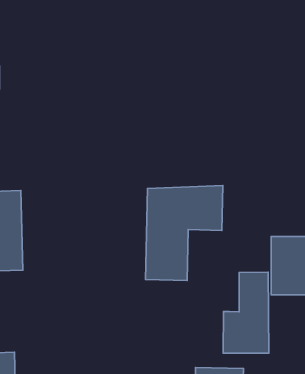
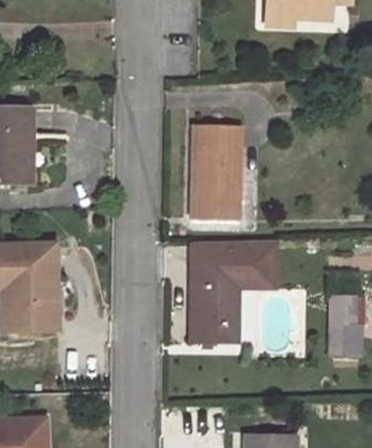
building: none -> [192,129,241,218]
building: [223,272,269,353] -> none

